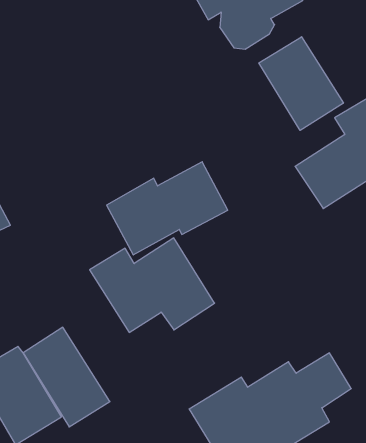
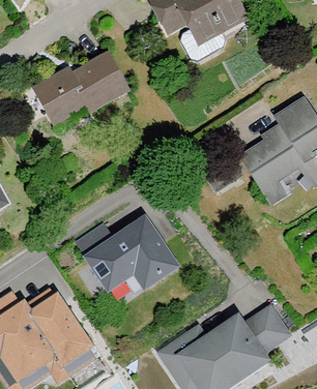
building: [259,37,343,130] -> none
building: [107,162,228,255] -> [30,51,128,126]

